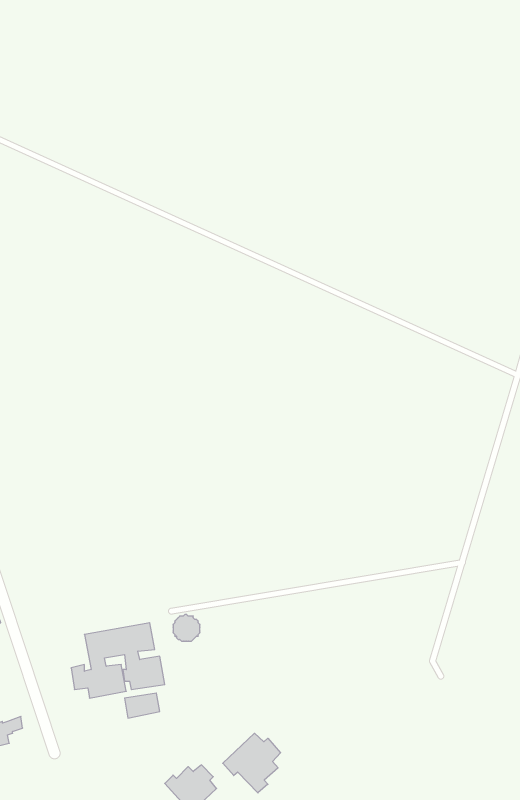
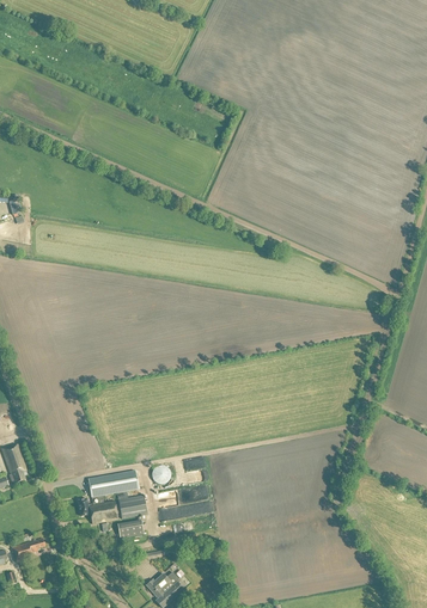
building: [223,733,281,793] -> none

